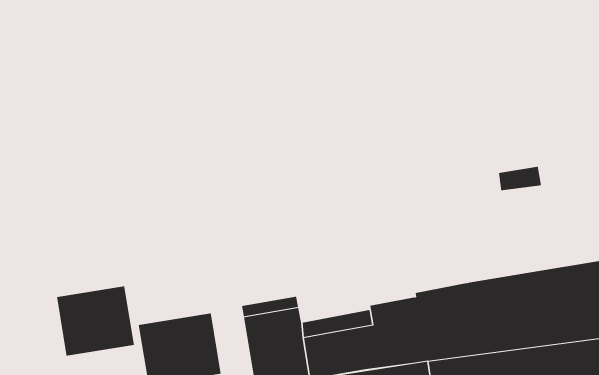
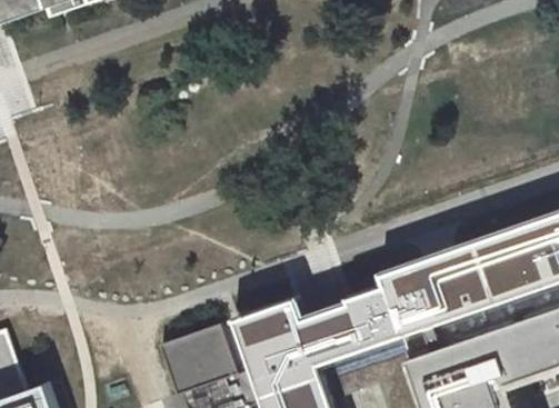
building: [56,285,134,356] -> none

